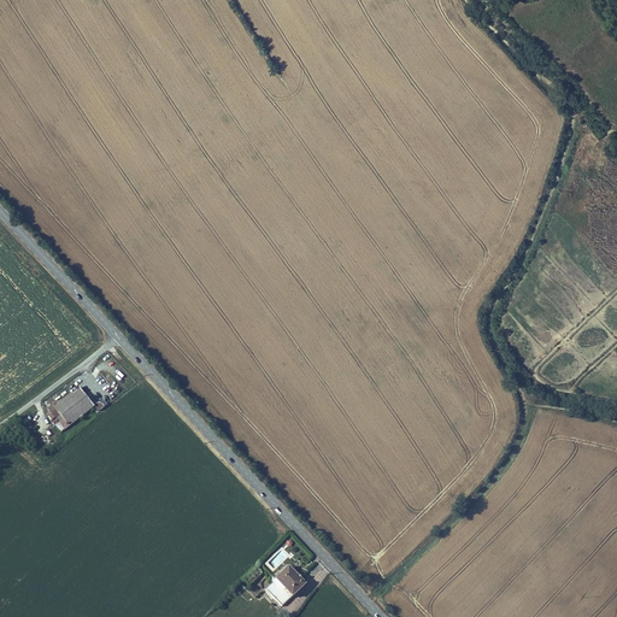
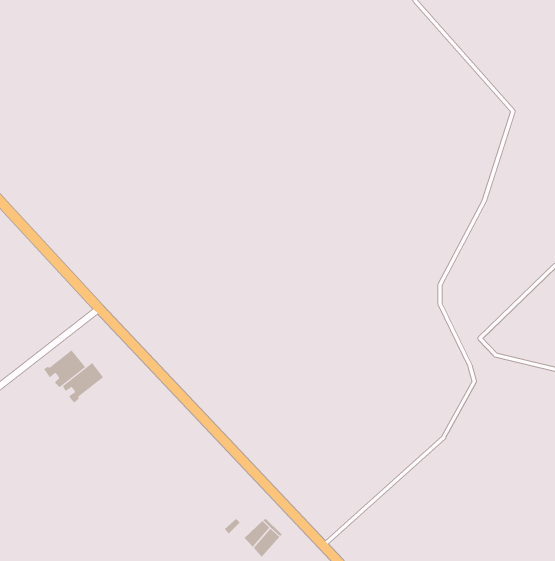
building: none -> [62,362,104,403]

